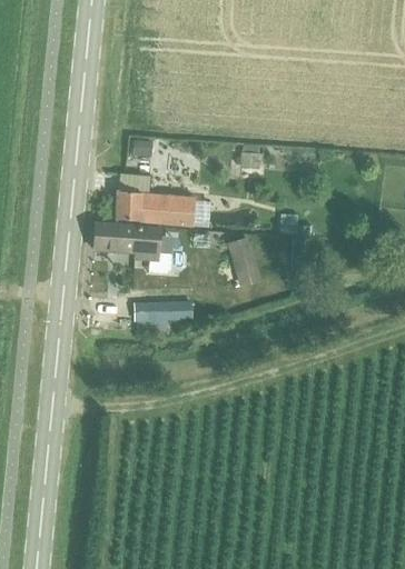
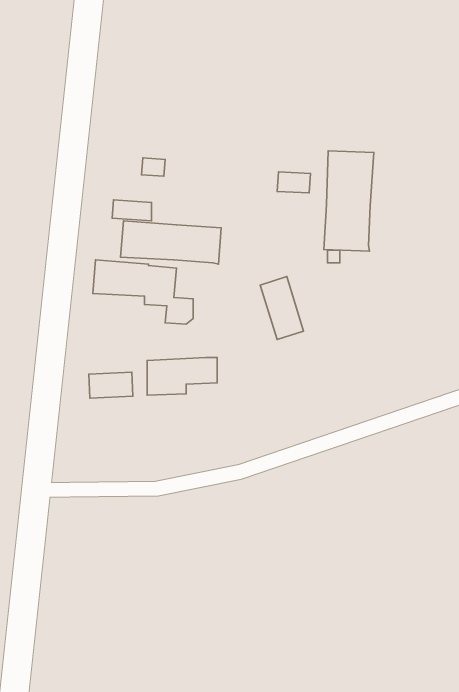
building: none -> [324,151,374,251]
building: none -> [89,372,133,398]

